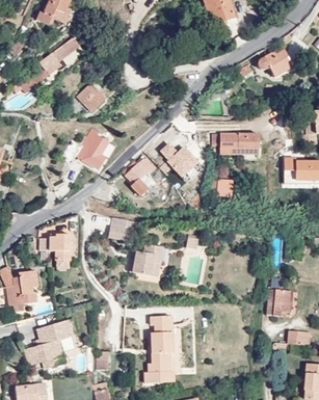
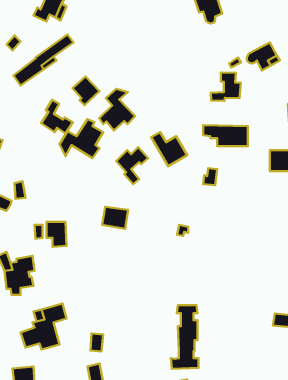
building: none -> [211,72,241,101]
building: none -> [99,89,135,131]
building: none -> [41,100,73,134]
building: [130,244,163,276] -> none
building: [267,287,292,315] -> none
building: [144,316,174,382] -> [171,305,199,369]

